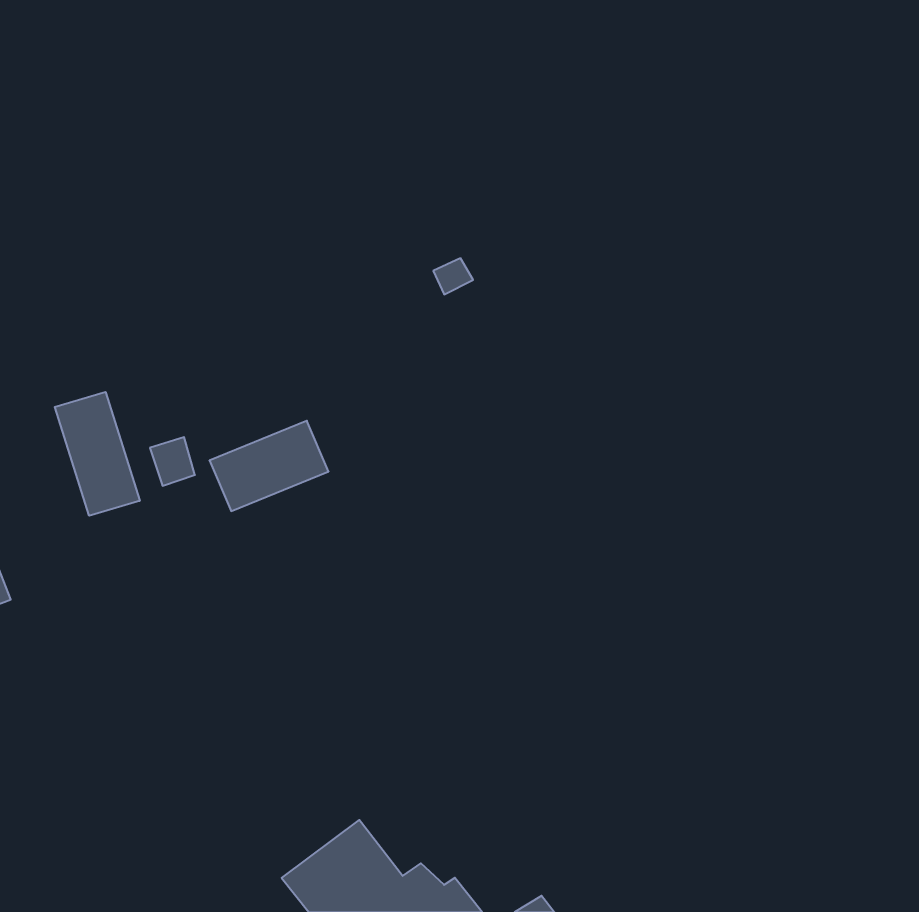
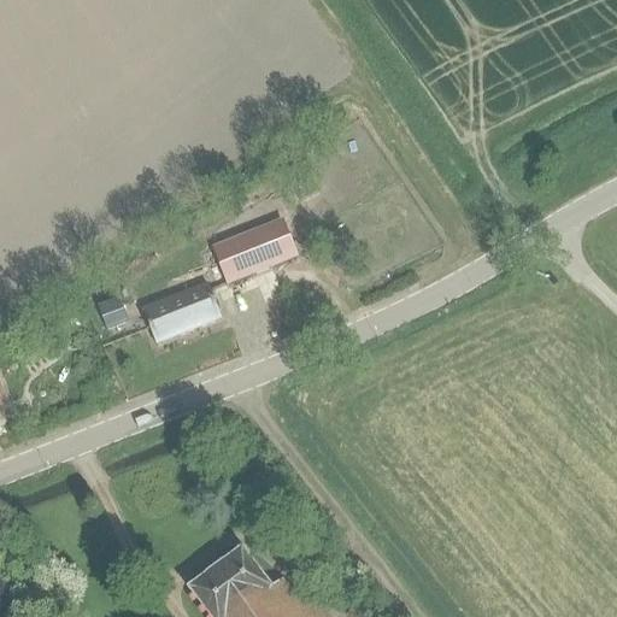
building: none -> [210,216,295,282]
building: [55,392,140,516] -> none

